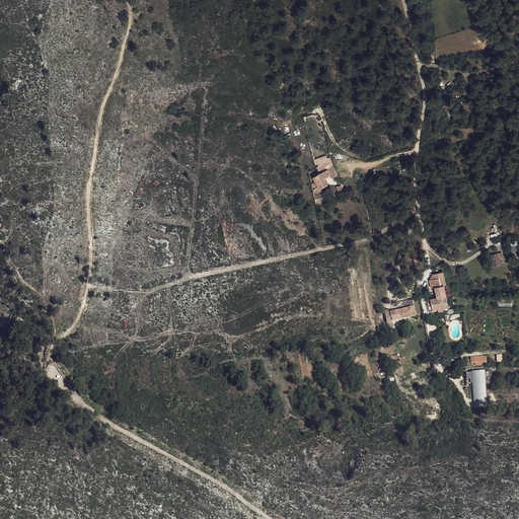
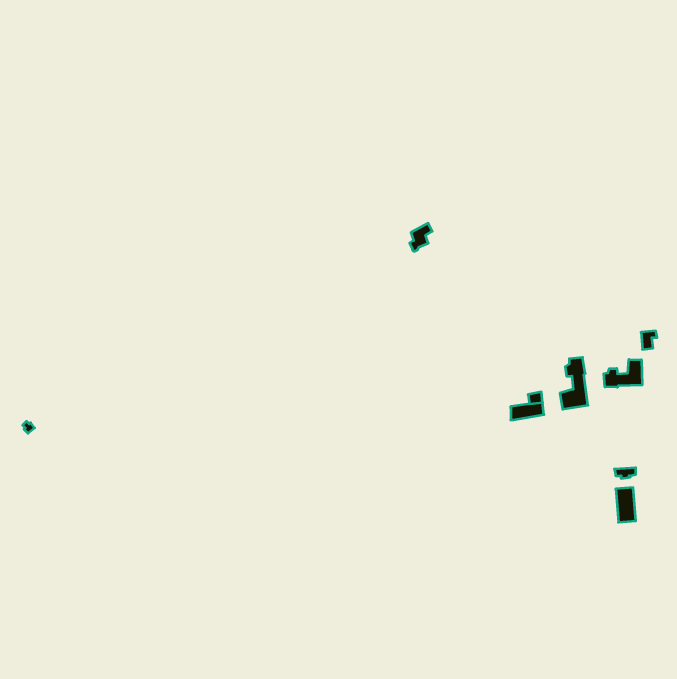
building: none -> [604,359,642,387]

